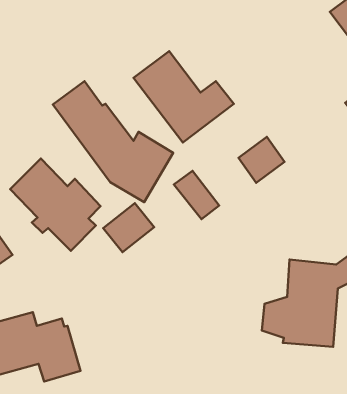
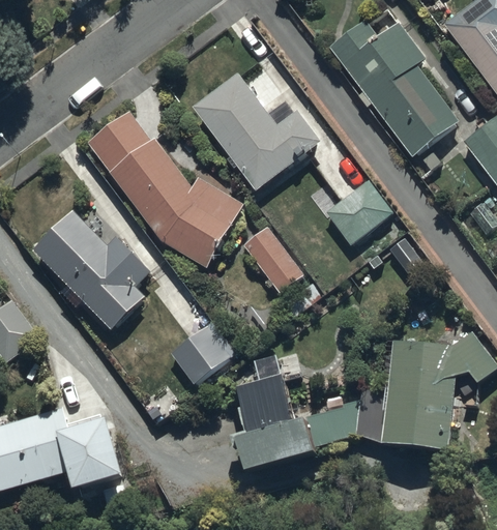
building: none -> [329,21,459,156]
building: [103,203,154,252] -> [169,319,234,382]
building: none -> [236,378,359,480]

